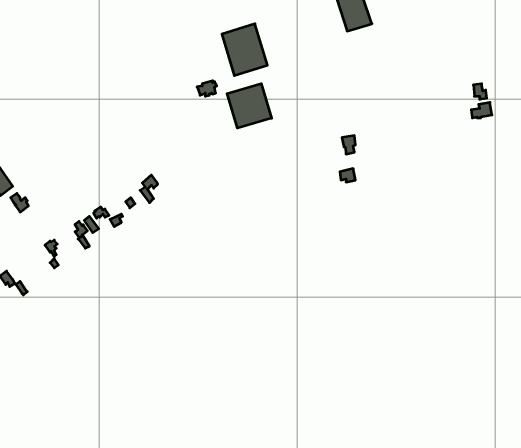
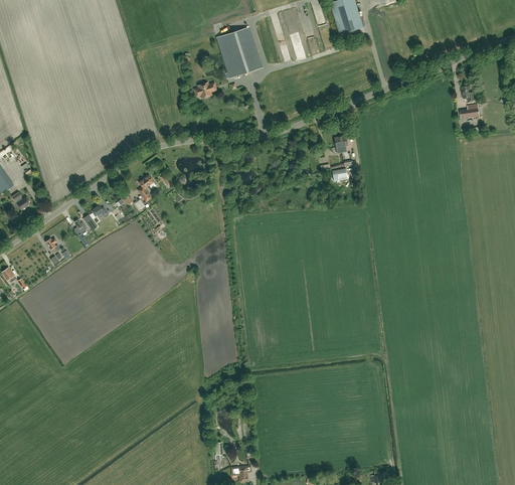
building: [227,84,272,128] -> none

